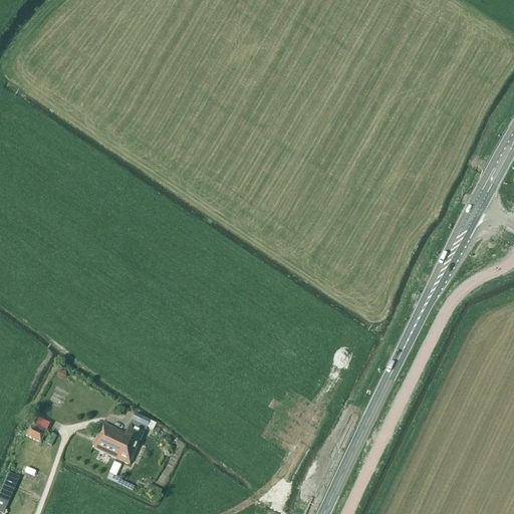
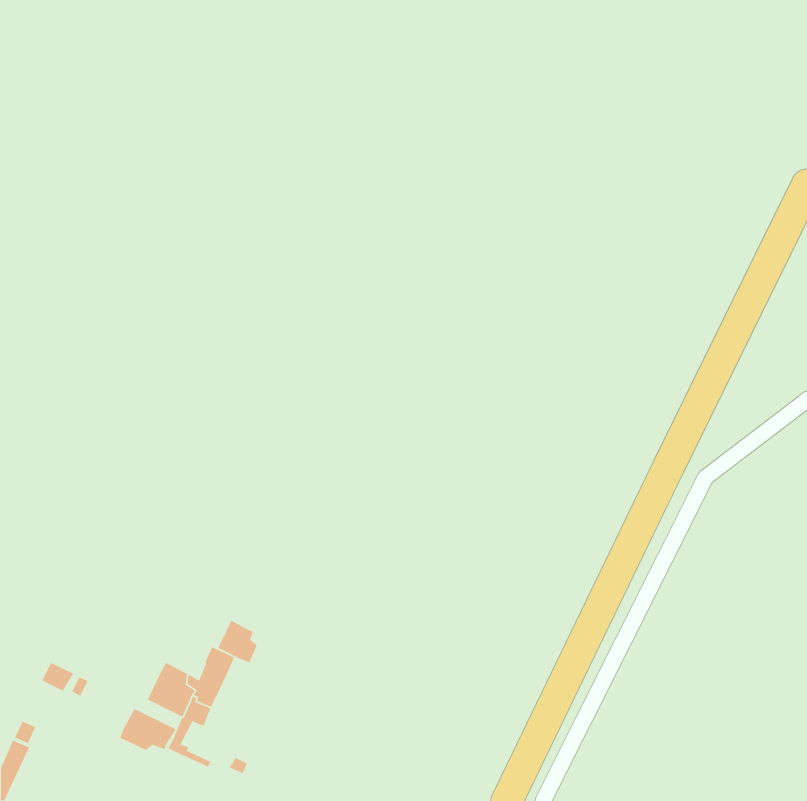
building: none -> [217,620,258,664]
building: none -> [119,708,176,752]

